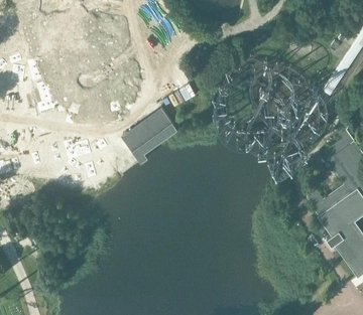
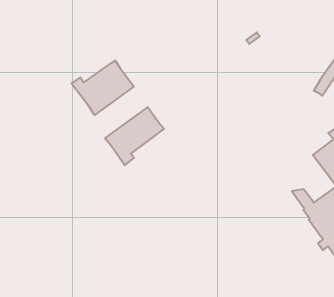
building: none -> [71,60,134,115]

